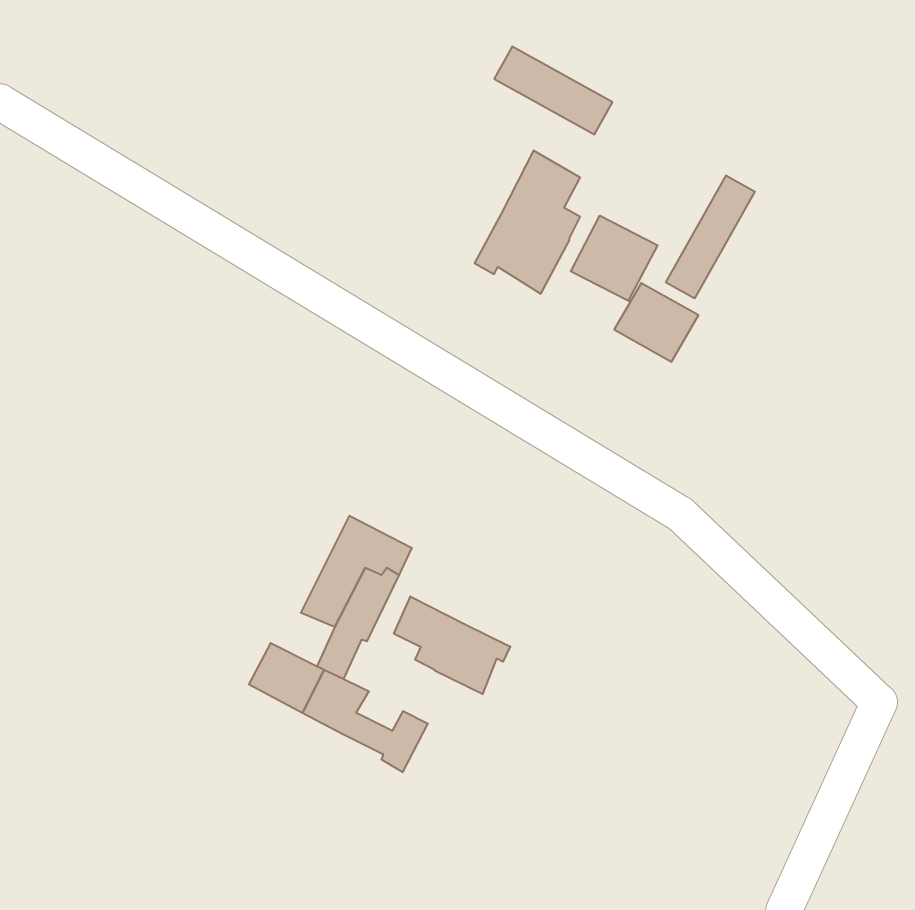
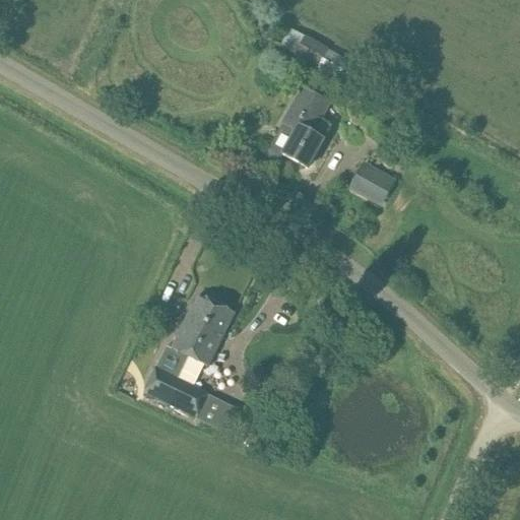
building: [666,175,755,298] -> none
building: [571,216,657,301] -> none
building: [394,596,510,694] -> none

